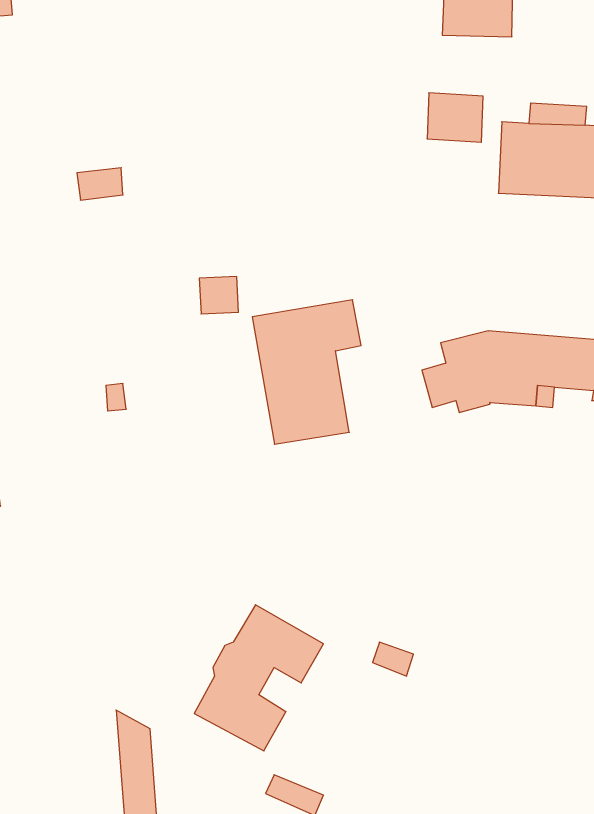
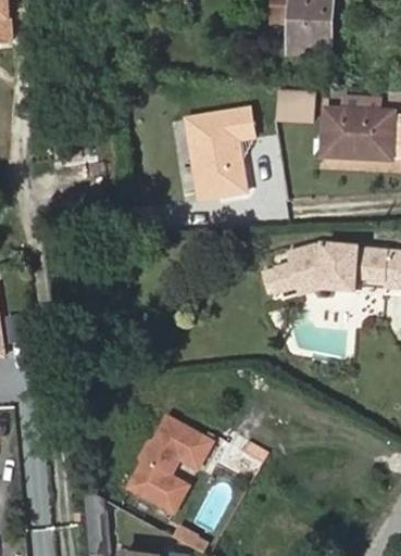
building: [252,300,361,444] -> [180,110,250,202]

